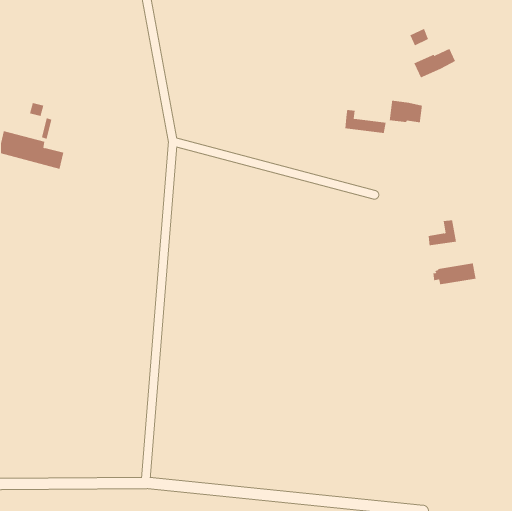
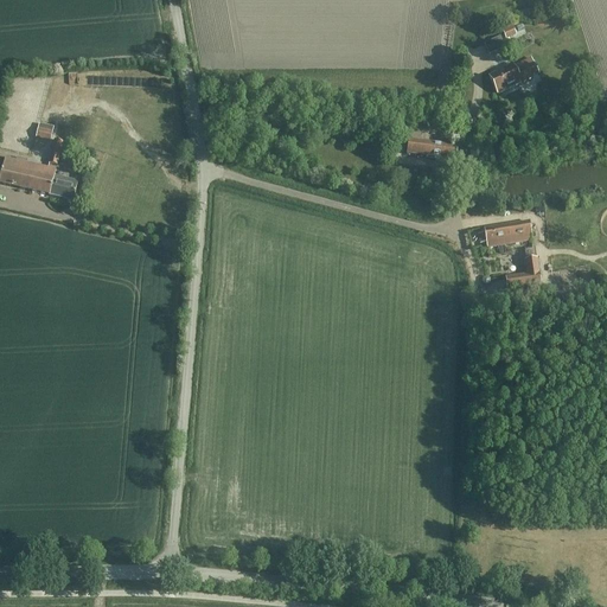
building: [389,100,423,123] -> none
building: [432,263,477,285] -> [479,219,531,245]

